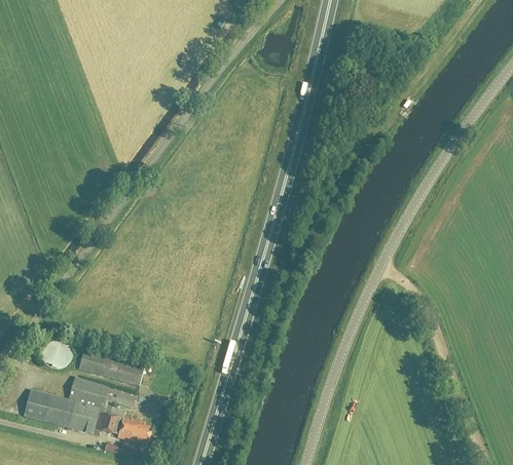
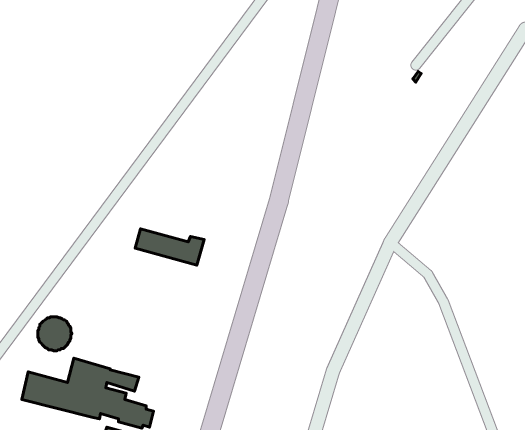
building: [78,350,145,385] -> [135,229,204,265]

